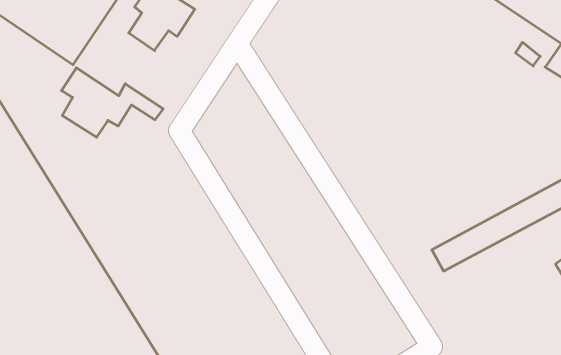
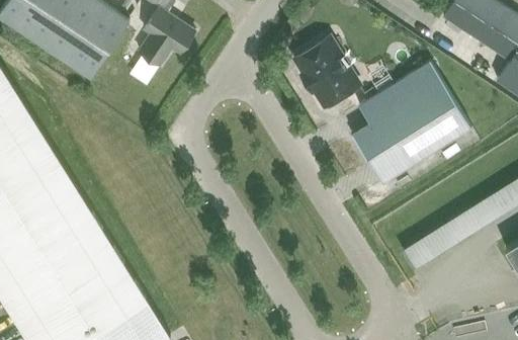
building: none -> [294,38,359,108]
building: none -> [352,63,470,183]
building: [61,68,163,137] -> none

